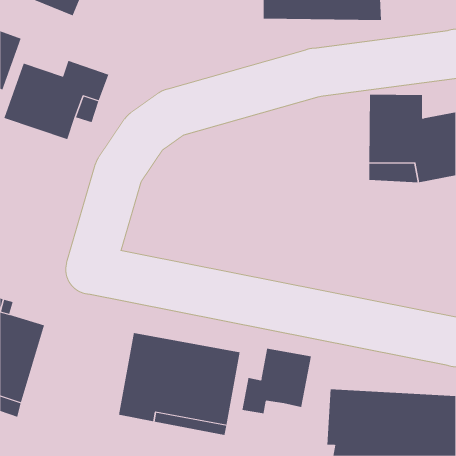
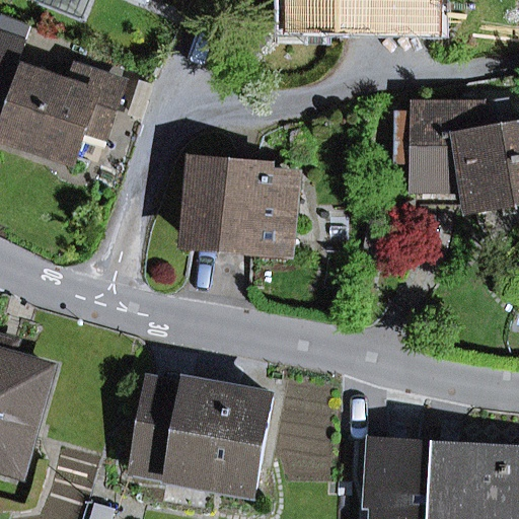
building: none -> [191,163,294,249]
building: [242,348,312,414] -> none

